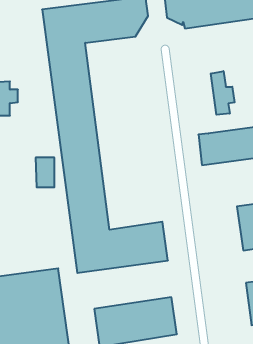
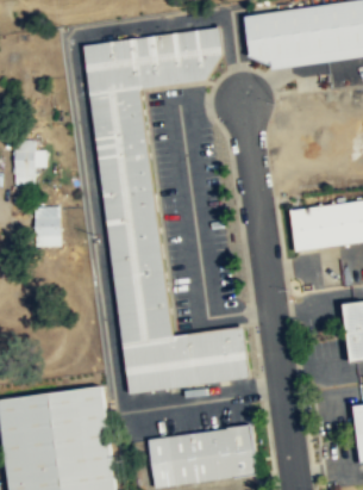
building: [211,71,235,115] -> none
building: [36,158,54,187] -> [38,207,63,247]

